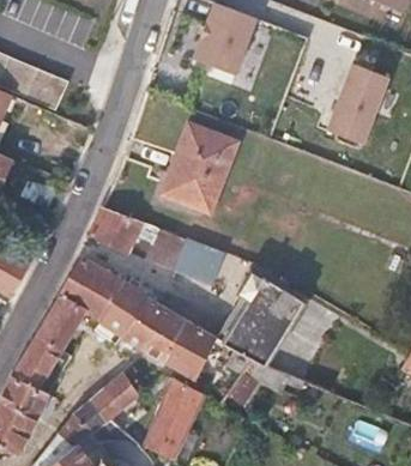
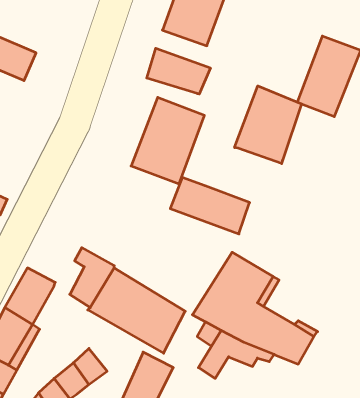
building: none -> [147,48,210,94]
building: none -> [235,86,301,164]
building: [90,207,145,255] -> none
building: [150,229,229,285] -> [170,177,250,234]
building: [59,255,115,321] -> none

